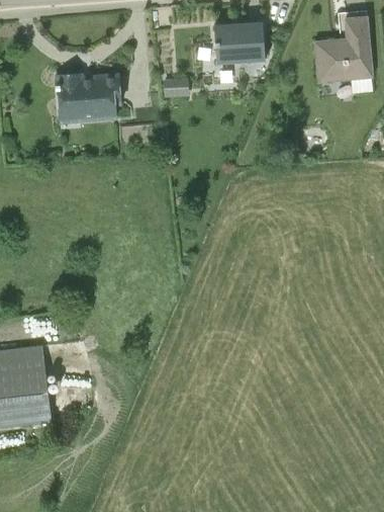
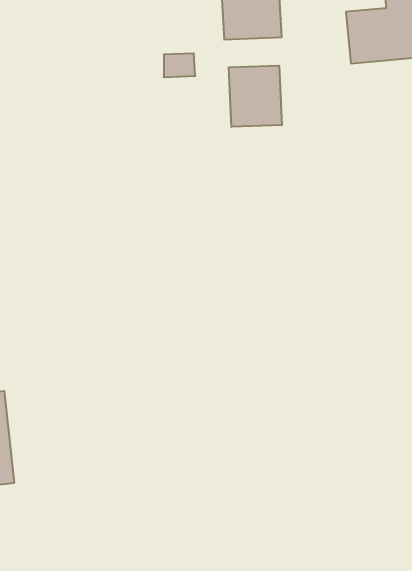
building: [56,72,123,123] -> none
building: none -> [229,66,282,127]

